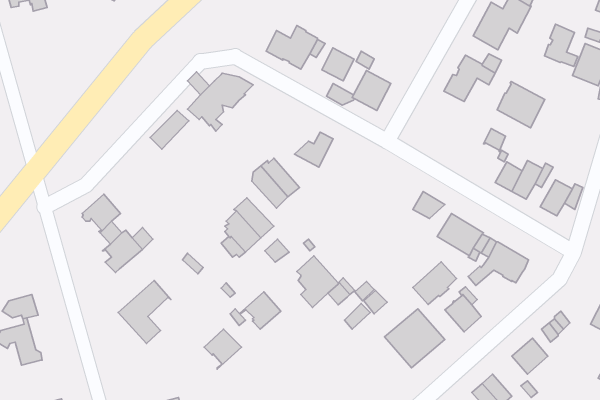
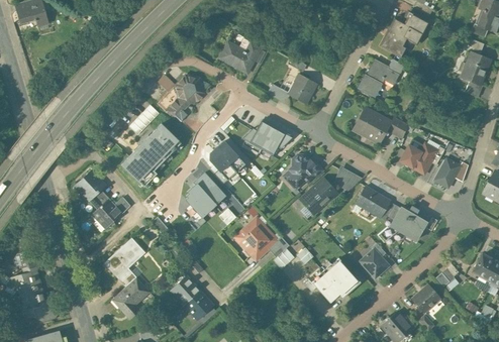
building: [544,24,578,66] -> none
building: [322,48,354,81] -> none
building: [497,82,545,128] -> [354,107,391,143]
building: none -> [121,124,180,187]
building: none -> [261,126,292,155]
building: none -> [287,154,322,188]
building: [413,262,457,304] -> [301,179,335,212]
building: [240,292,281,329] -> [181,290,213,319]
building: none -> [111,276,147,314]
building: none -> [18,300,48,322]

